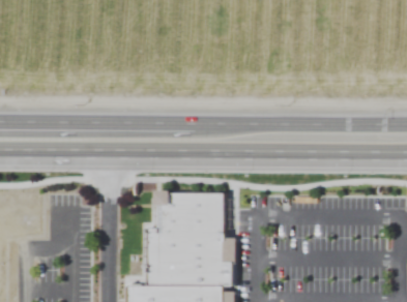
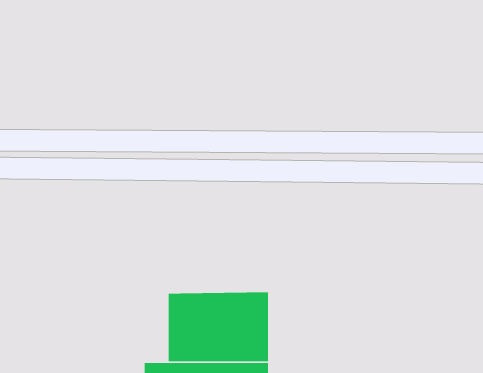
building: [155,197,225,236] -> none

